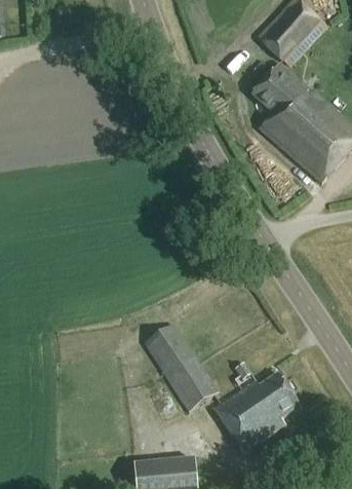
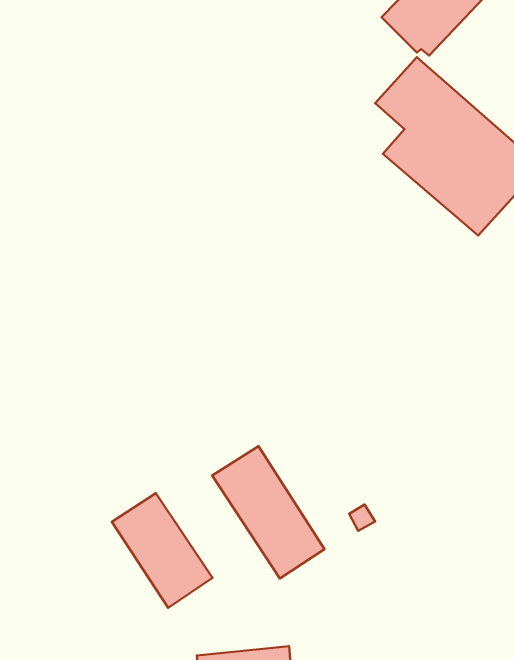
building: none -> [112,493,213,608]
building: [212,371,298,450] -> none

